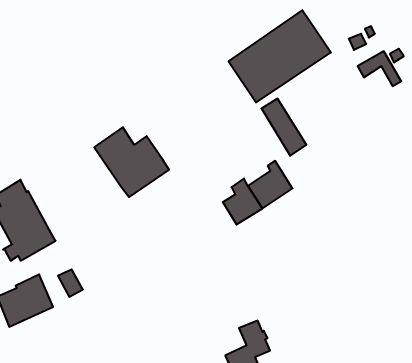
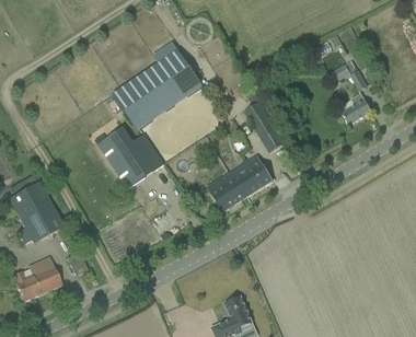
building: [229,10,331,102] -> [113,48,203,129]
building: none -> [340,93,371,125]

